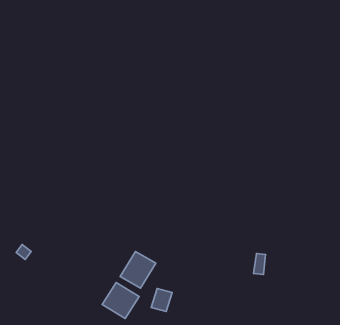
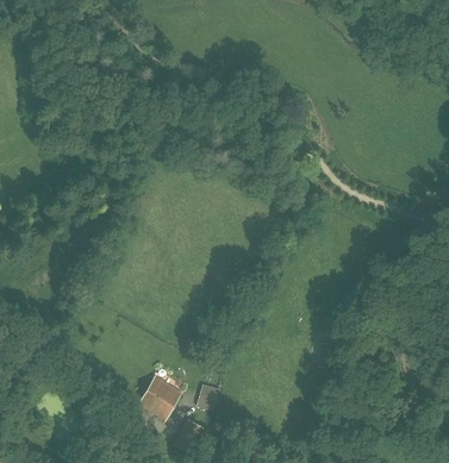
building: [120,252,156,288] -> none

